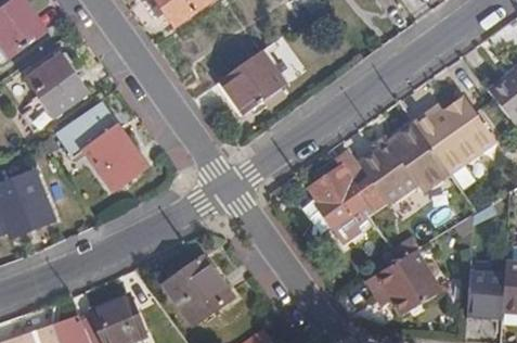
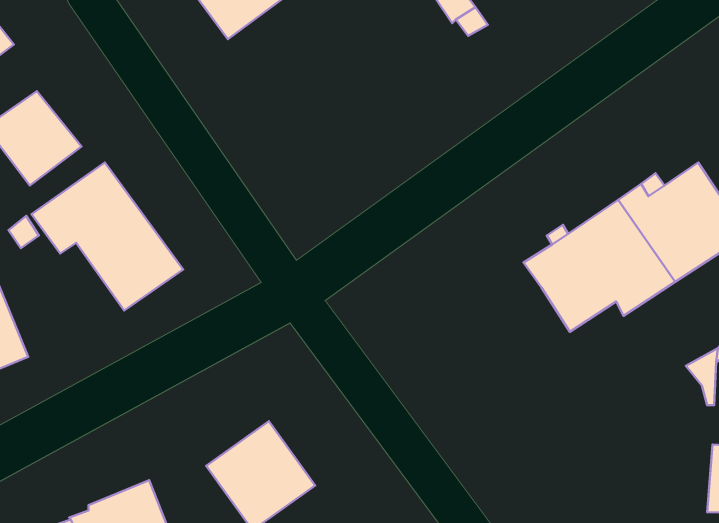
building: [222,52,287,115] -> none
building: [309,149,366,227] -> none
building: [365,249,441,314] -> none

